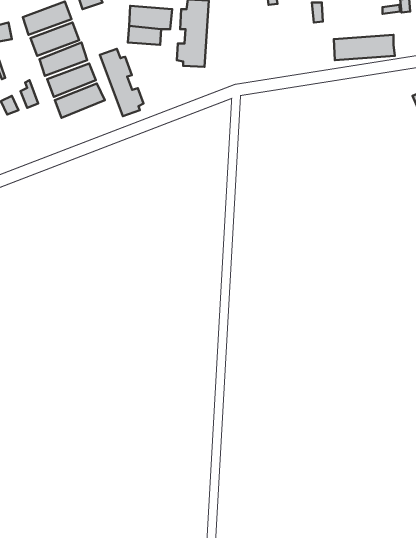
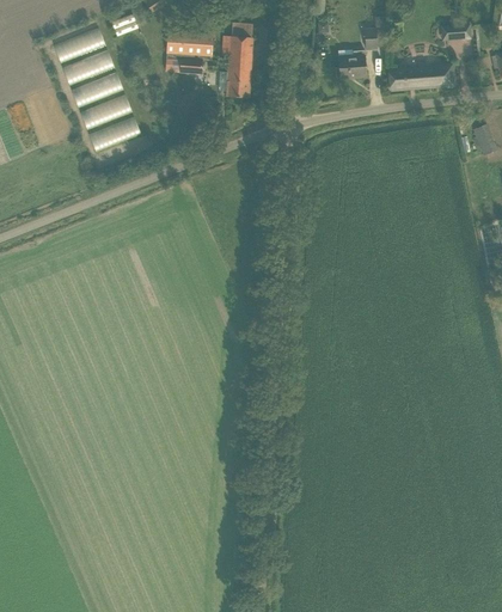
building: none -> [336,49,367,78]
building: [100,49,143,116] -> none

